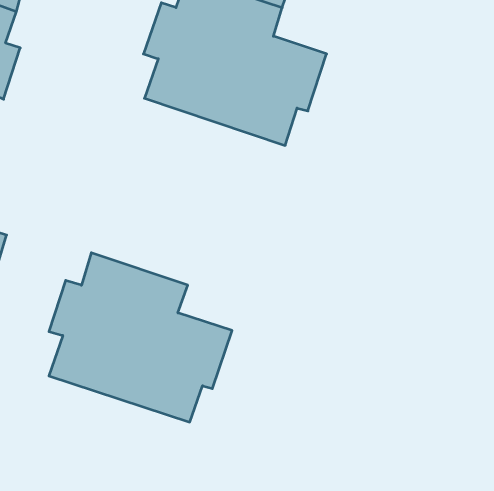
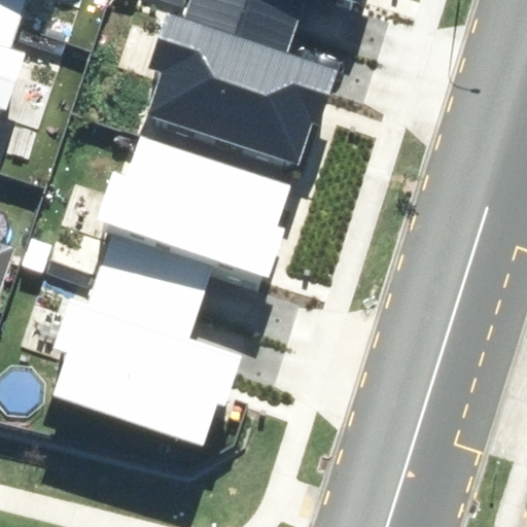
building: none -> [92,141,285,302]

